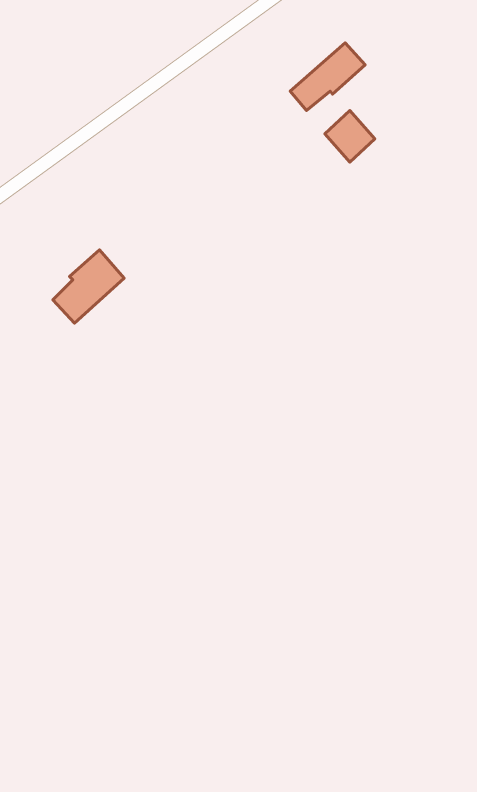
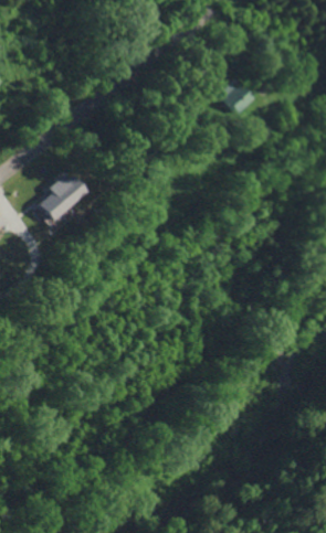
building: [290,43,365,111] -> none

